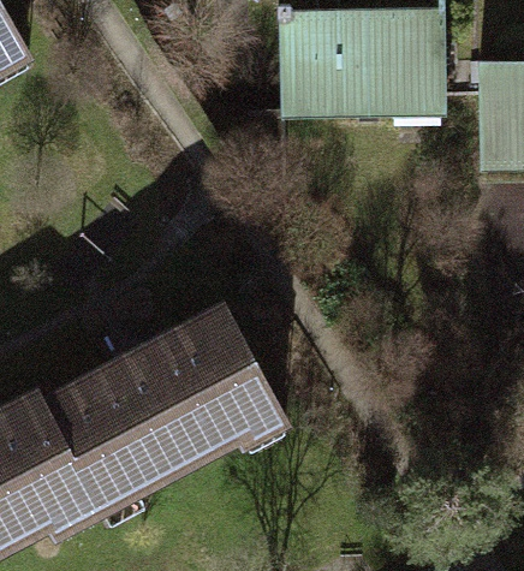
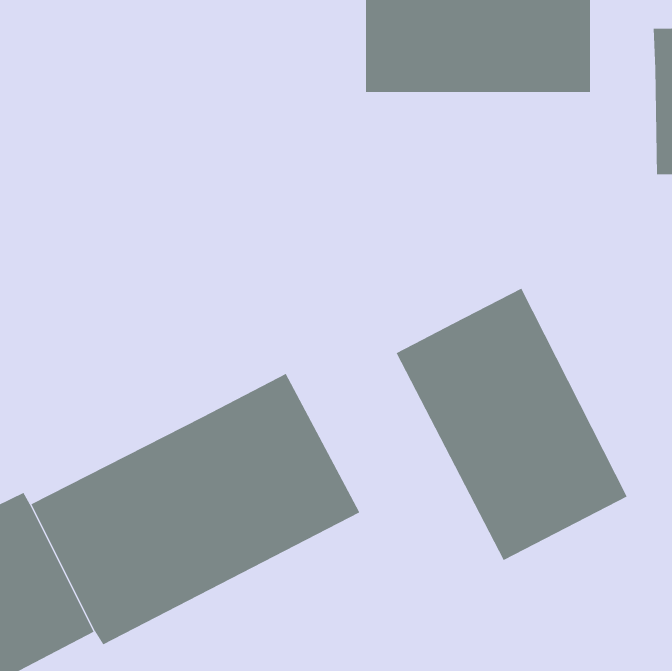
building: none -> [396,288,628,561]

